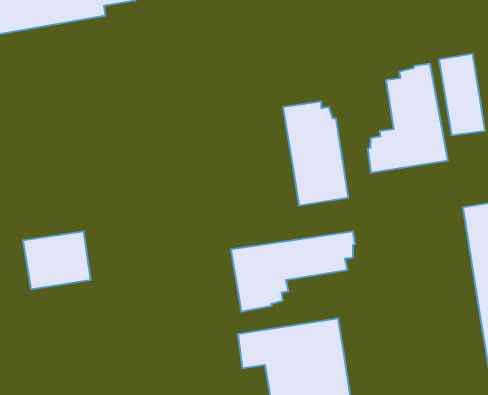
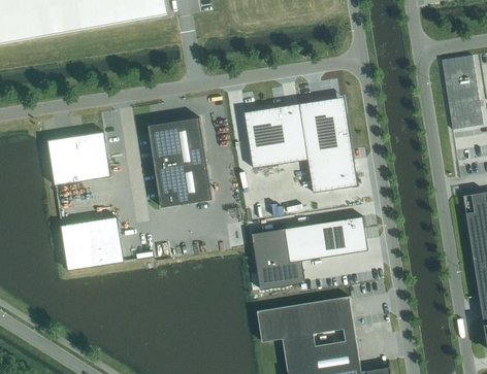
building: [368,63,448,173] -> none
building: none -> [247,103,309,168]
building: none -> [147,120,210,210]
building: none -> [48,132,111,184]

